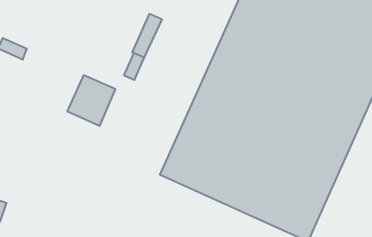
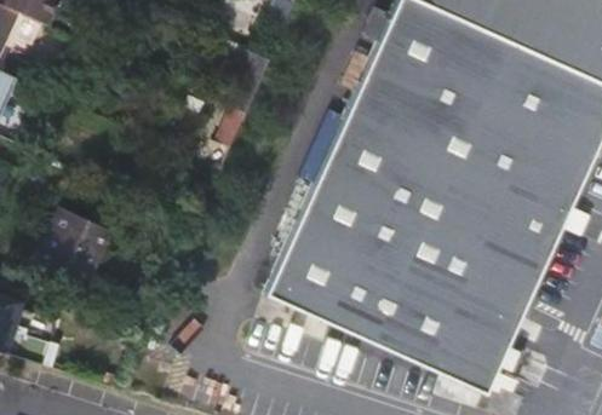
building: [67,75,115,126] -> [38,211,109,286]

